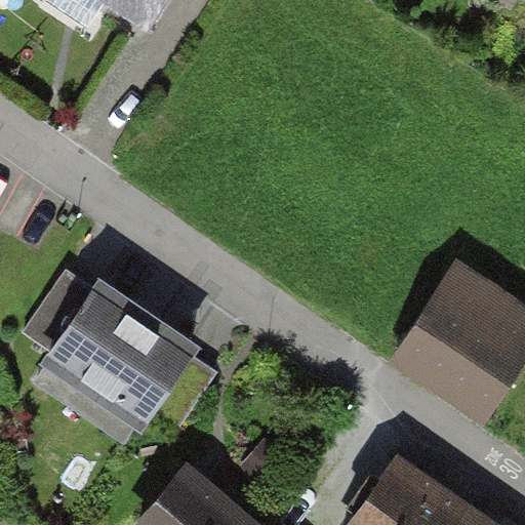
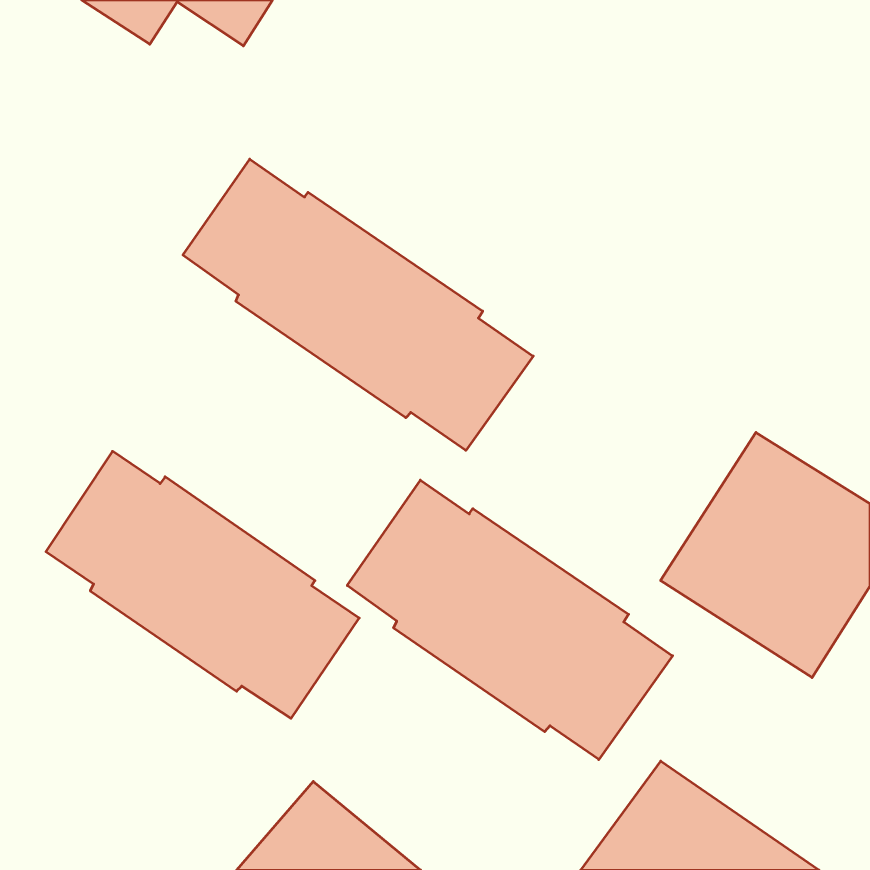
building: none -> [183,159,533,450]
building: none -> [347,480,673,760]

